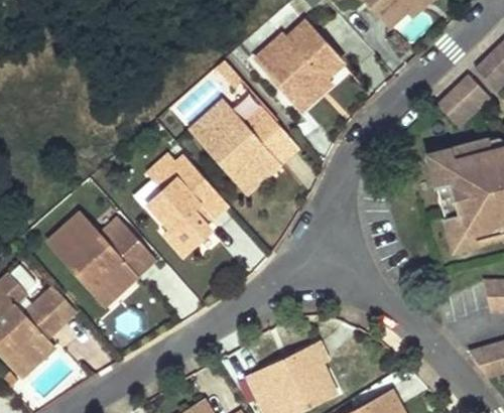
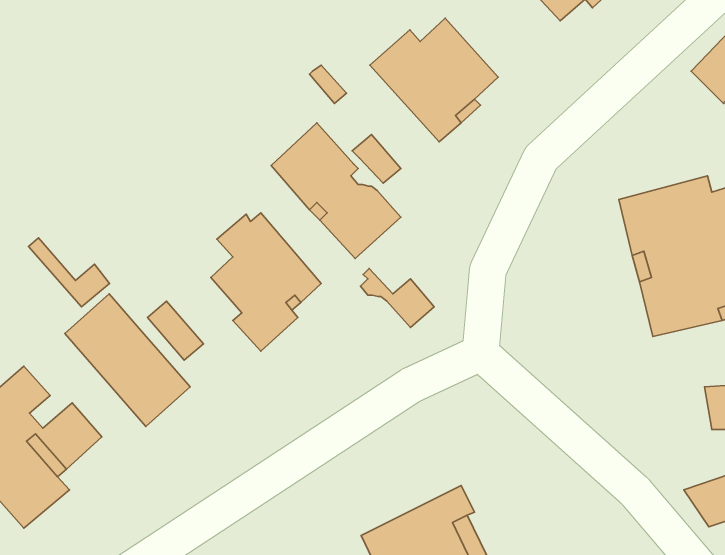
building: [437,68,492,123] -> none
building: [244,122,294,162] -> [360,269,434,328]
building: [98,231,153,278] -> [28,238,109,307]

